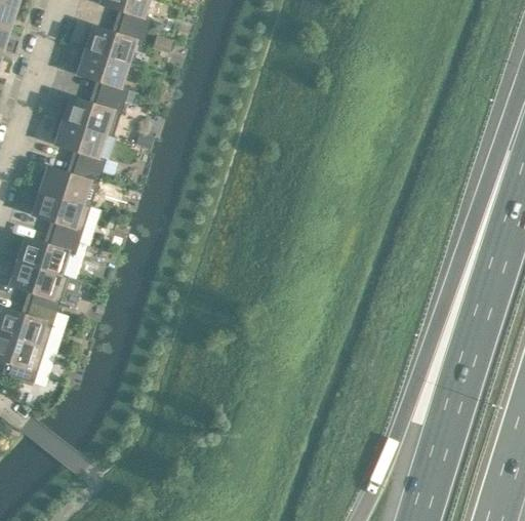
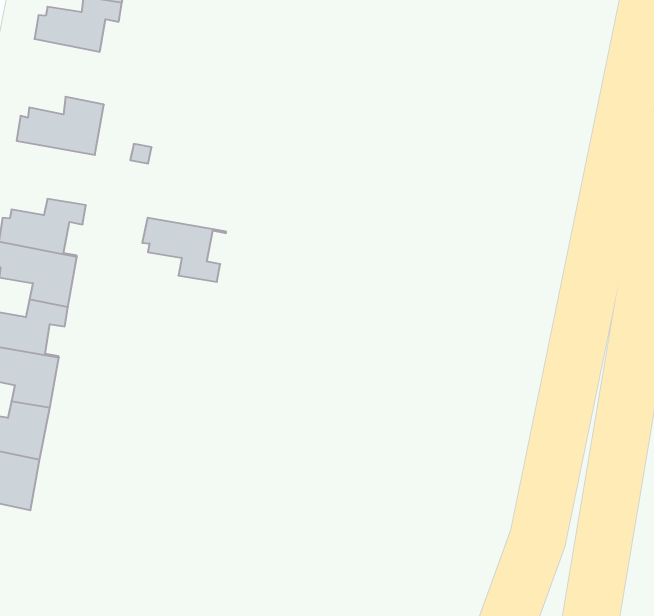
building: [74,49,127,103] -> none
building: [51,120,112,172] -> [142,218,226,282]

